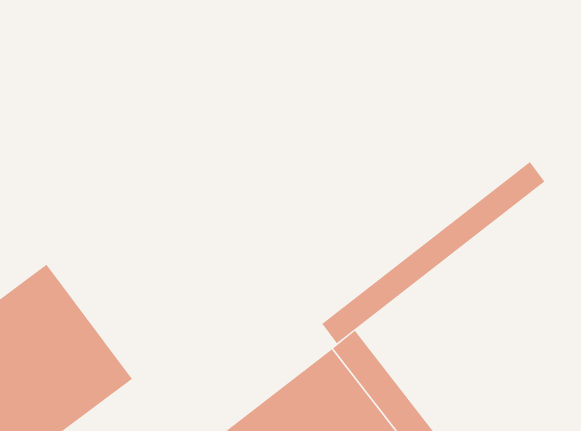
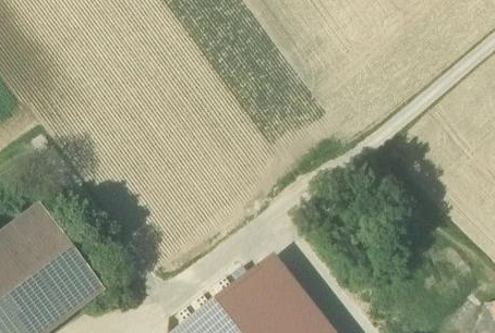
building: [321,161,545,344] -> none

